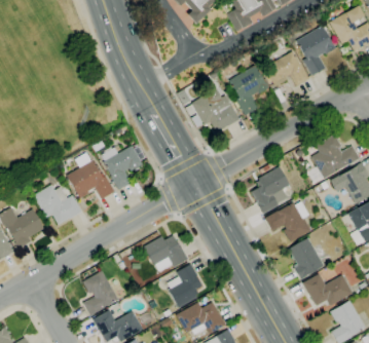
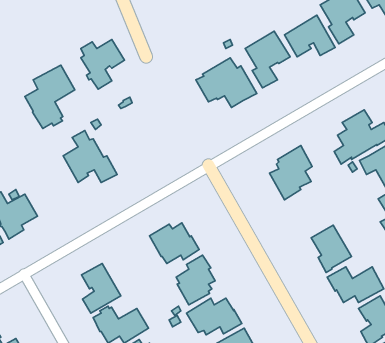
building: none -> [25,65,75,128]
building: [104,146,143,190] -> [81,39,125,89]
building: [34,185,82,225] -> none
building: [265,201,310,242] -> none

